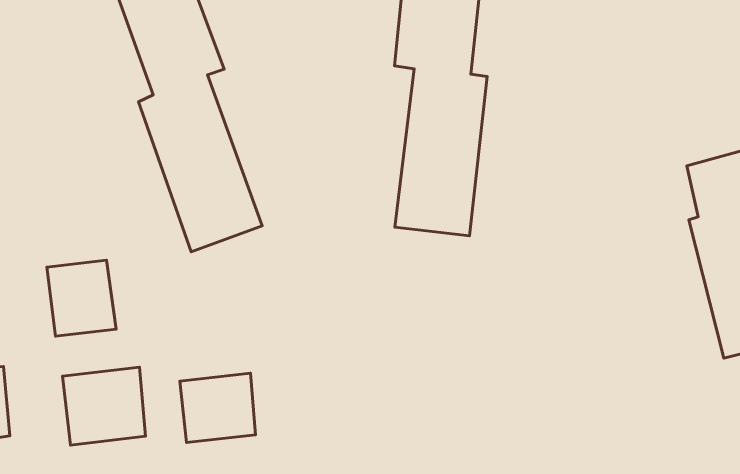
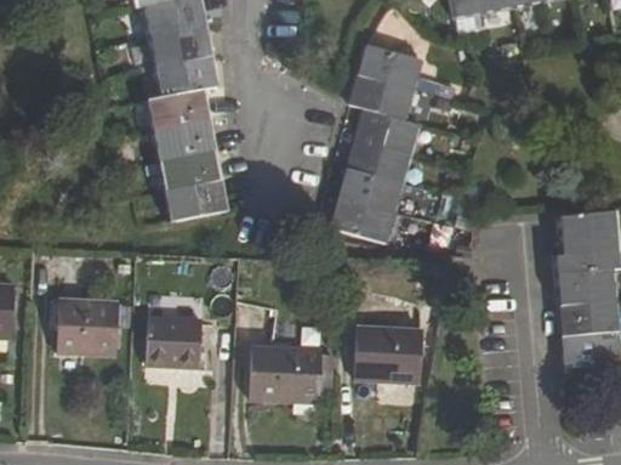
building: [47,260,116,336] -> none
building: none -> [354,327,421,381]
building: none -> [250,347,321,401]

